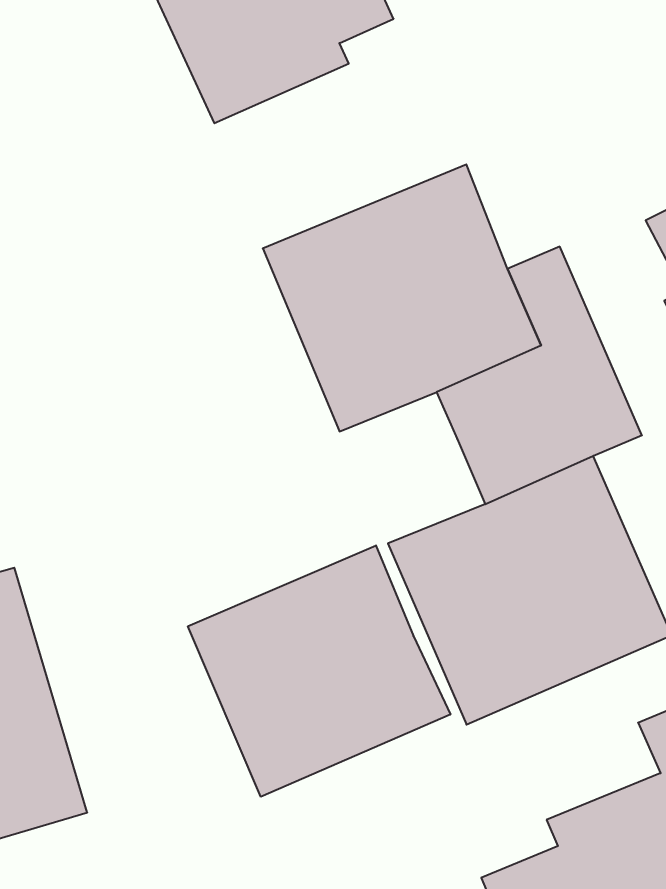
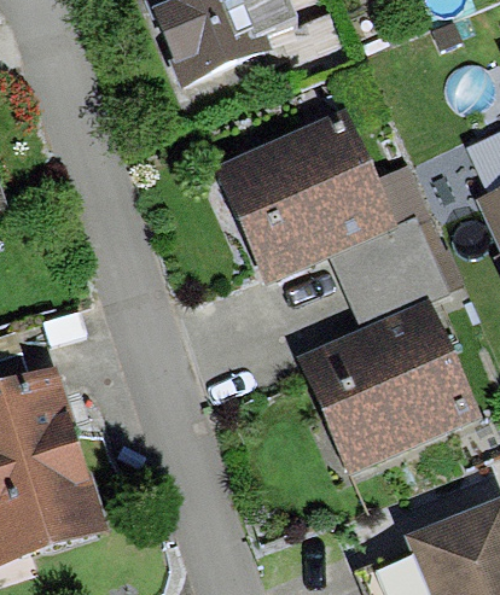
building: [188,545,450,797] -> none

